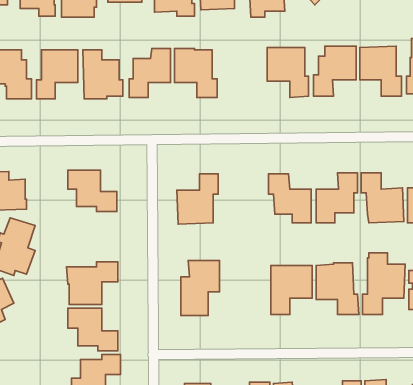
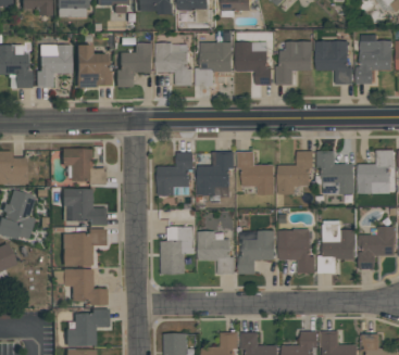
building: none -> [196,42,232,86]
building: none -> [198,152,234,196]
building: none -> [63,188,105,225]
building: none -> [199,231,235,275]

